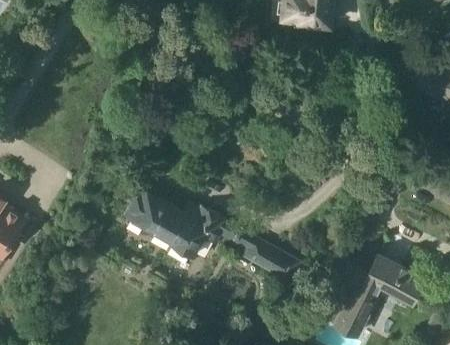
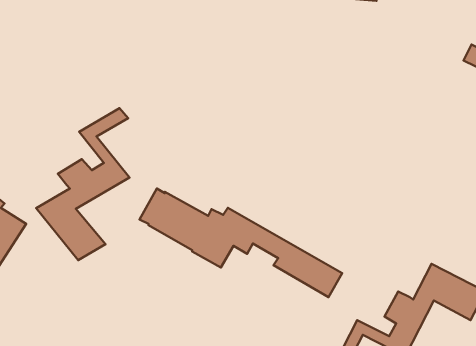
building: none -> [36,108,130,260]

